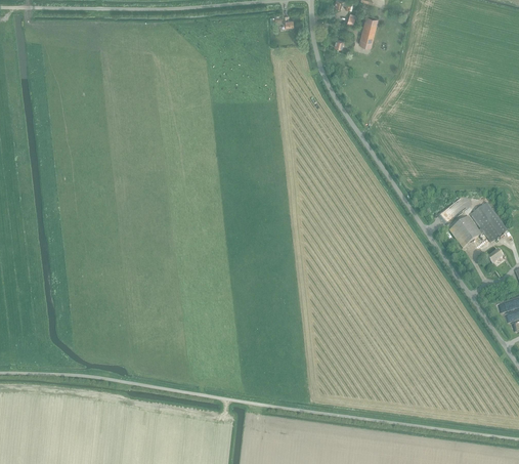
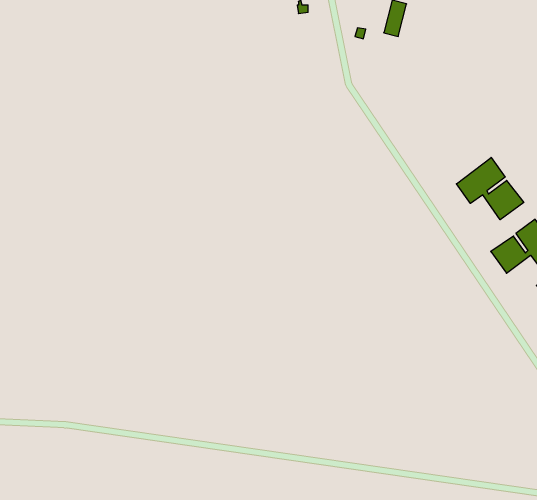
building: none -> [456,157,524,220]

